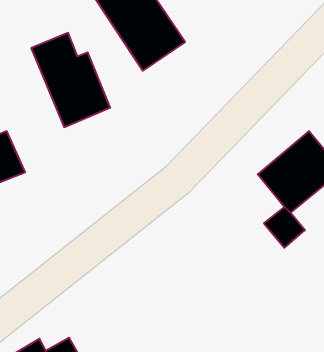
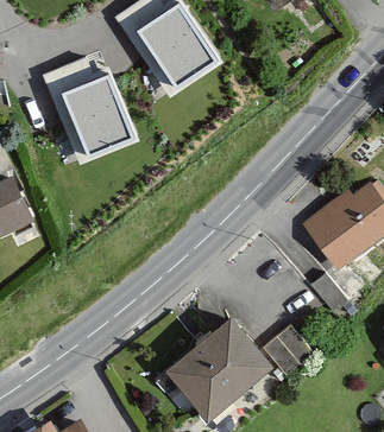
building: none -> [166,318,314,424]

